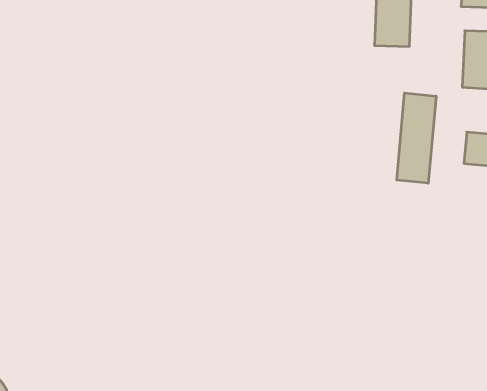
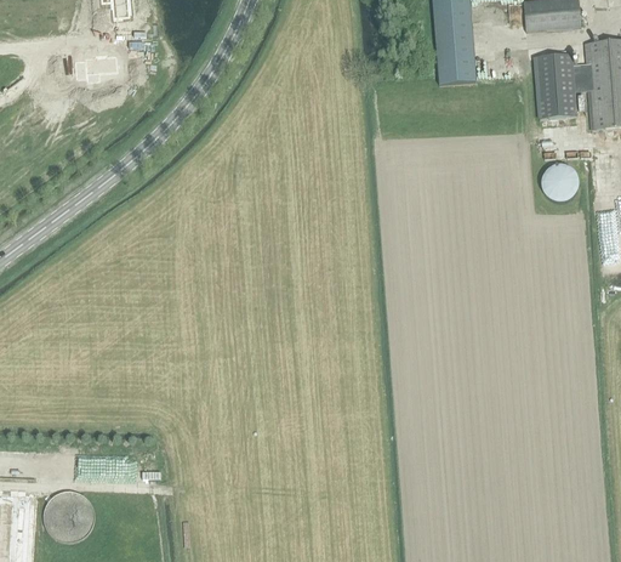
building: [397,93,436,183] -> none

